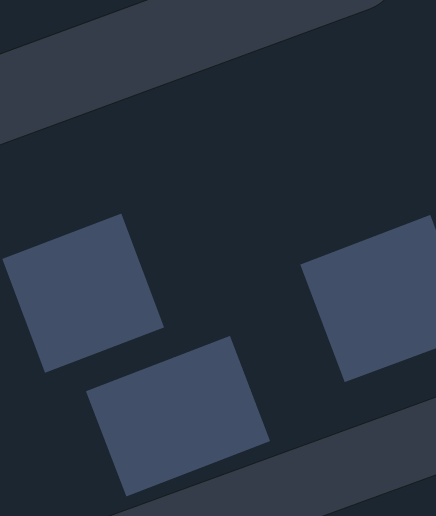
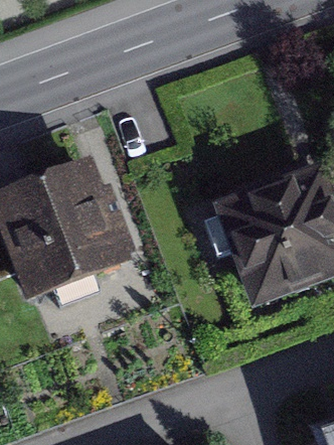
building: [85,335,271,498] -> none

